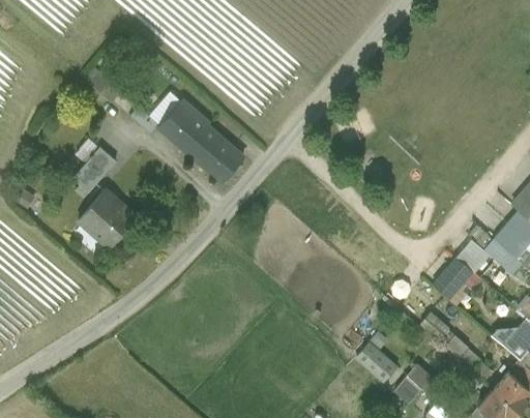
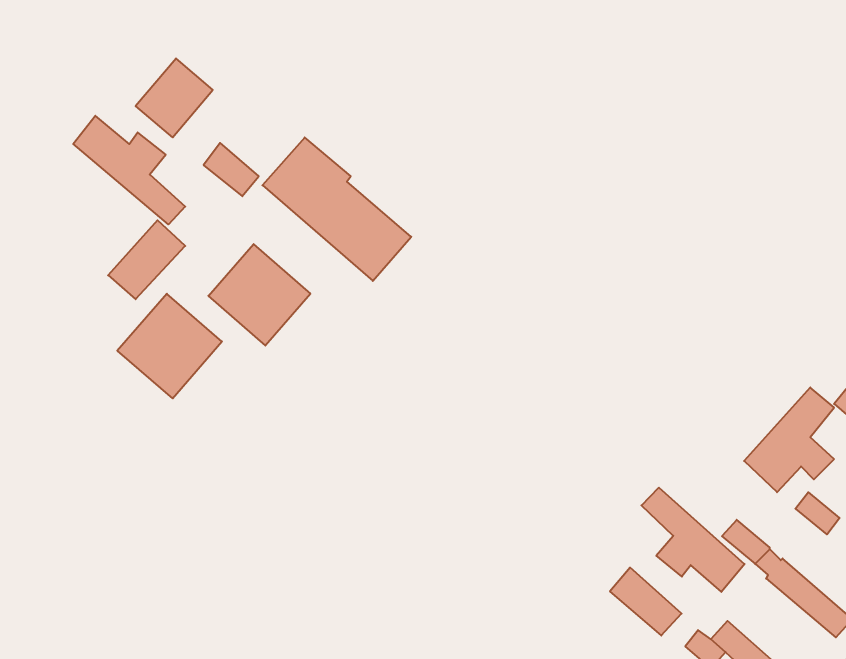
building: none -> [73,116,185,224]
building: none -> [208,244,310,346]
building: none -> [641,488,745,592]

